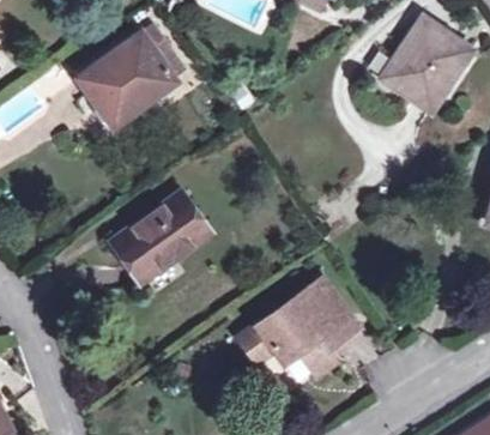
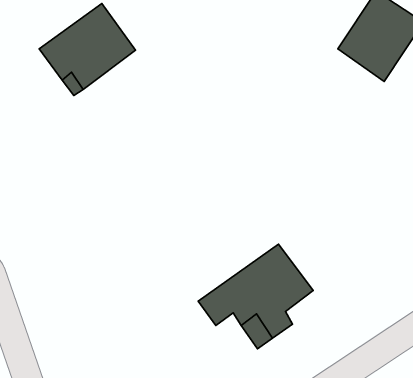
building: [111,194,211,283] -> none

